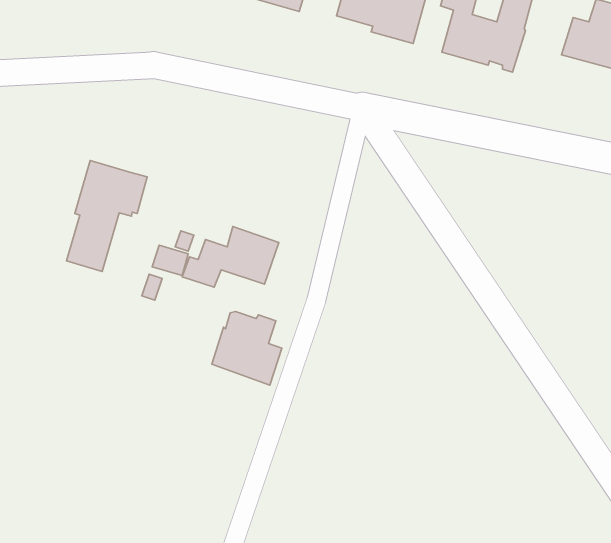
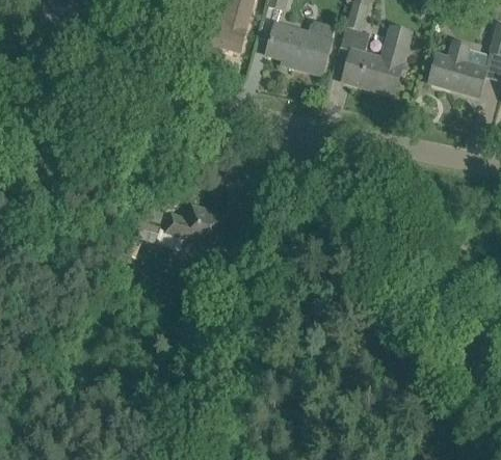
building: [67,160,147,271] -> none
building: [212,311,282,385] -> none

